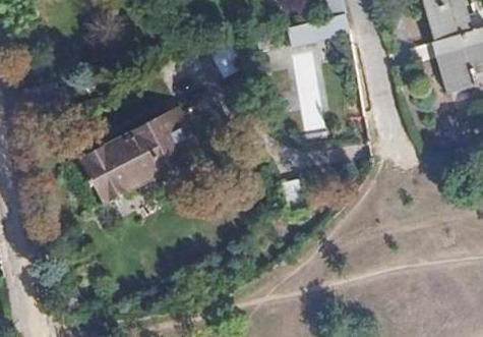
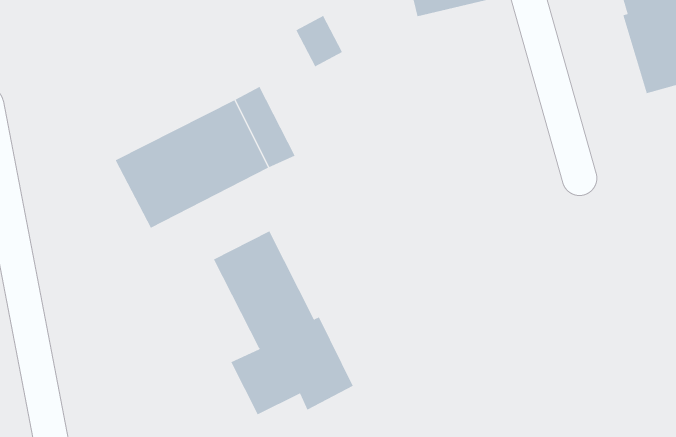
building: [291,54,326,133] -> none
building: none -> [213,230,353,415]

